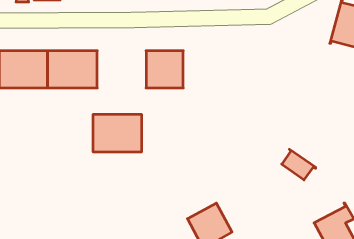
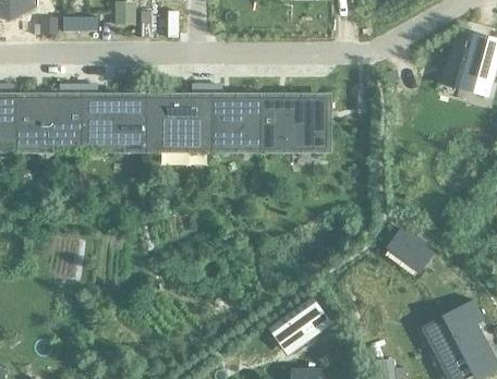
building: none -> [259,98,325,147]
building: [93,115,142,152] -> [146,98,210,147]

